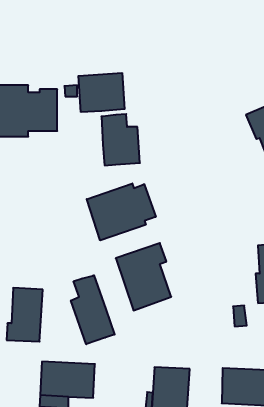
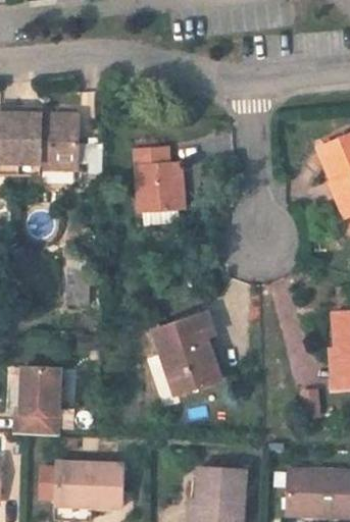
building: [78,73,125,112] -> none
building: [87,183,156,240] -> none
building: [71,275,115,344] -> none

